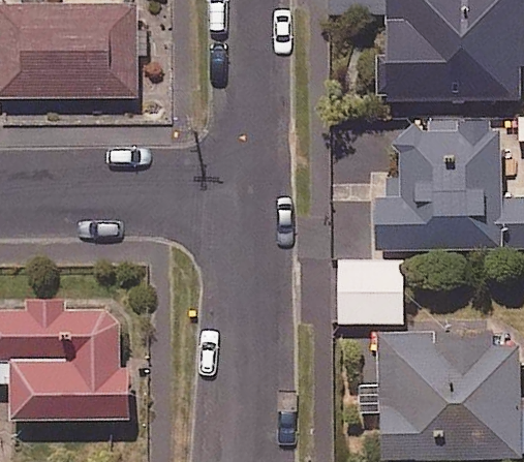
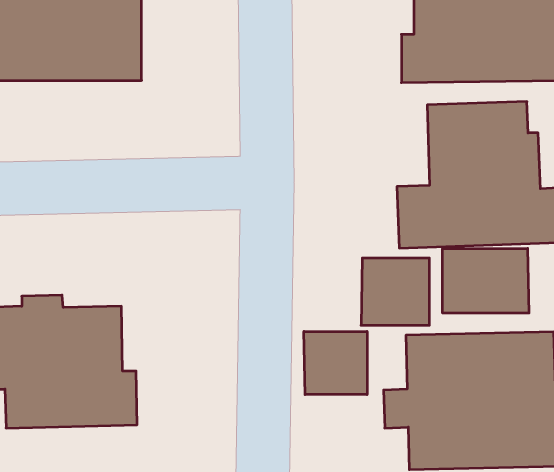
building: none -> [443,248,529,313]
building: none -> [304,331,367,395]

